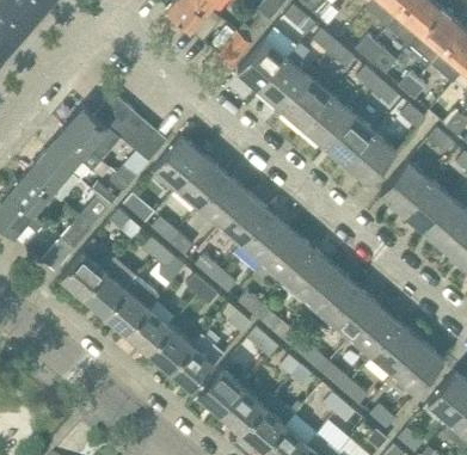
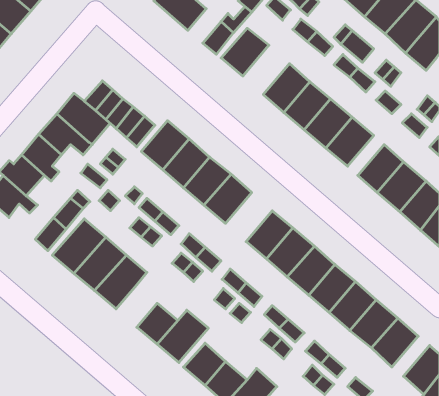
building: [259,43,308,109] -> none
building: [241,211,290,263] -> none
building: [127,308,170,352] -> none

